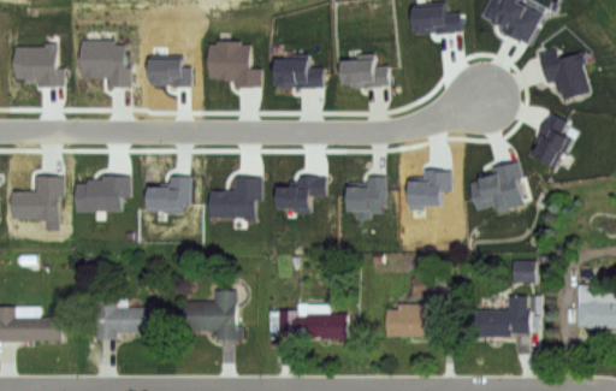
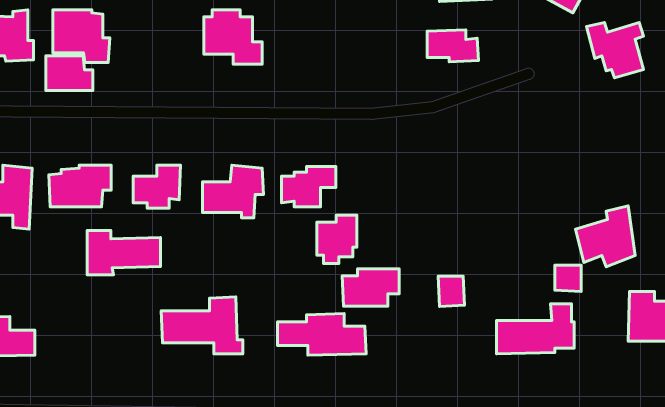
building: [147,55,188,85] -> [46,56,93,91]
building: [344,59,389,87] -> [427,30,478,62]
building: [278,60,322,88] -> none
building: [531,114,574,166] -> none
building: [470,161,522,214] -> [576,206,635,267]
building: [405,171,448,211] -> none
building: [346,177,381,219] -> [317,215,357,264]
building: [95,301,159,339] -> [87,230,161,275]
building: [386,306,436,338] -> [342,269,399,306]

